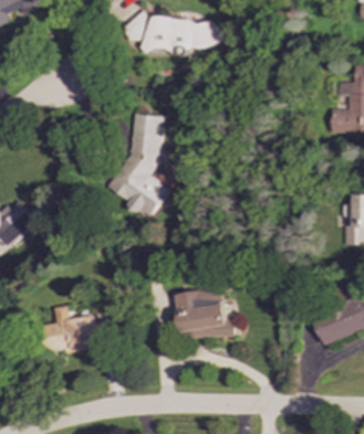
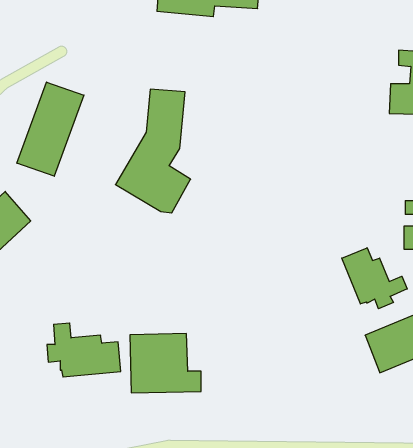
building: none -> [17,82,84,176]
building: none -> [342,248,407,309]
building: [177,288,236,337] -> [130,334,201,393]

